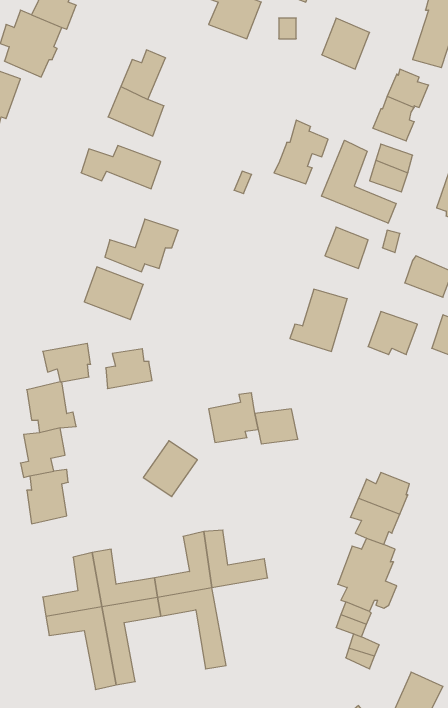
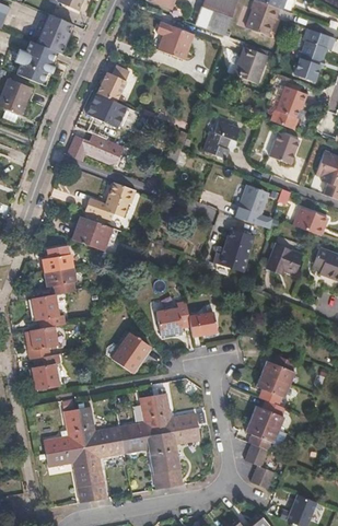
building: [322,140,396,223] -> none
building: [106,349,152,389] -> [43,245,74,272]
building: none -> [160,428,200,488]

